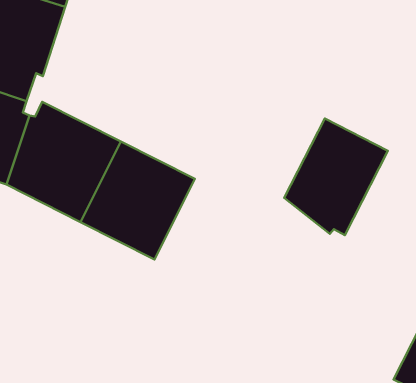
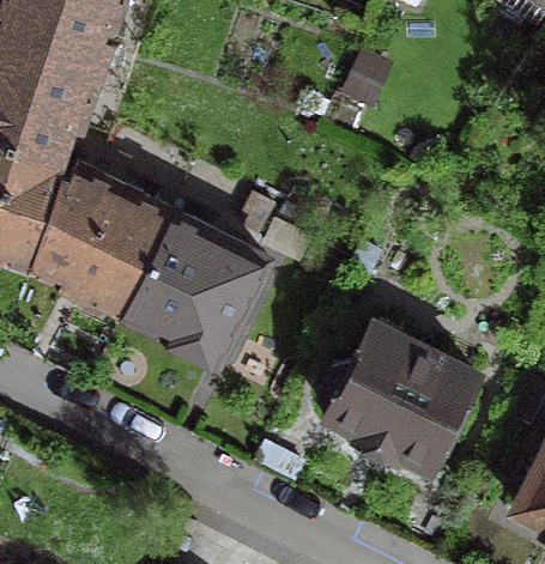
building: [284,118,388,235] -> none
building: none -> [320,328,477,471]

